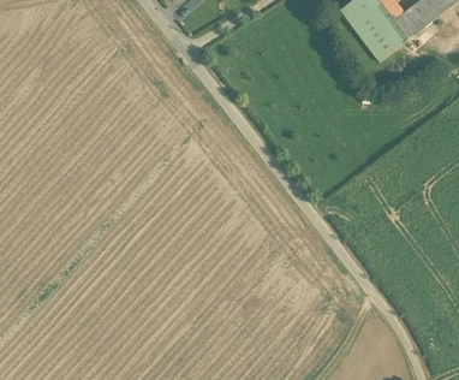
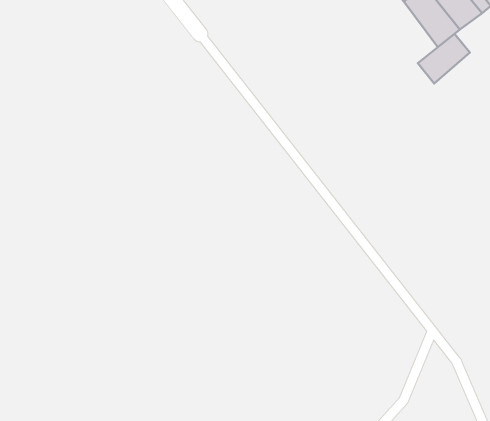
building: none -> [418,34,470,84]

